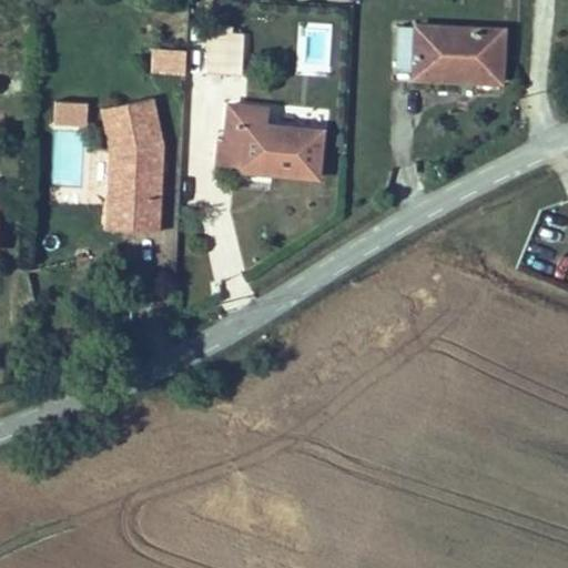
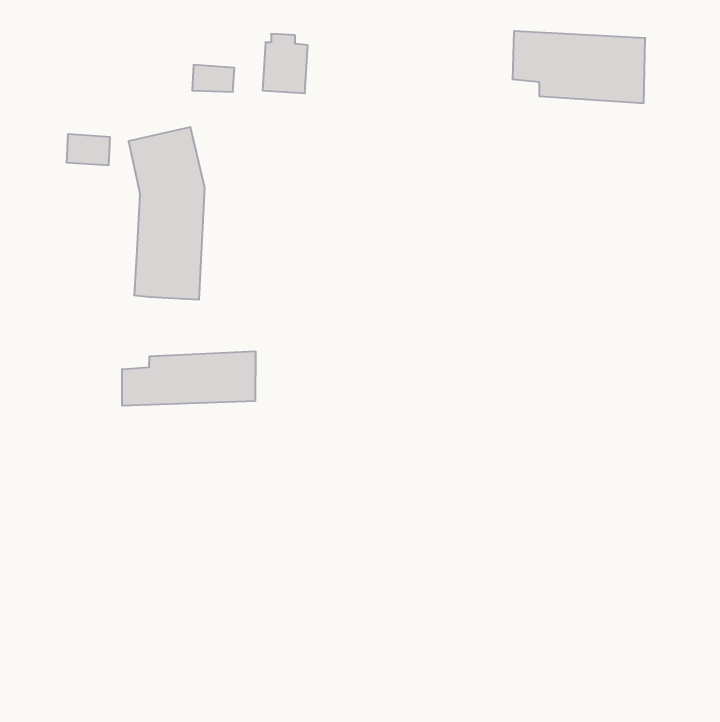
building: [215,106,324,178] -> none
building: none -> [122,351,255,406]

